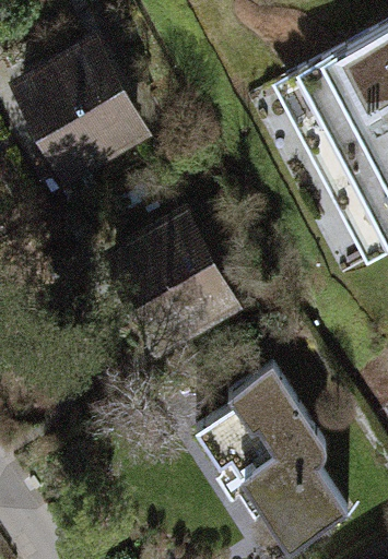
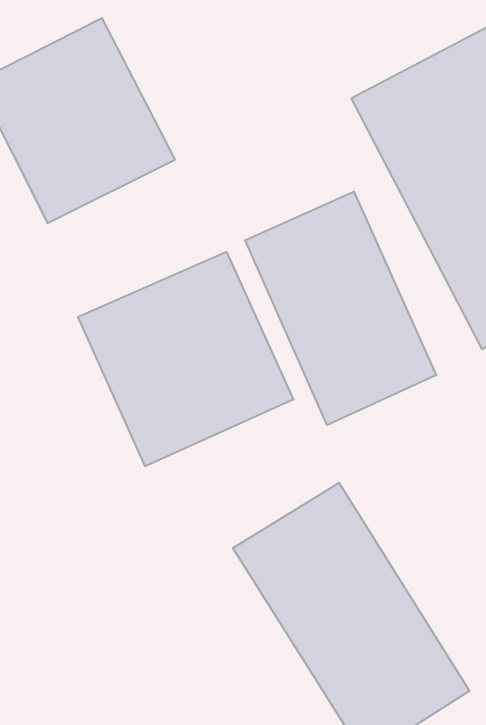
building: none -> [245,191,436,425]

